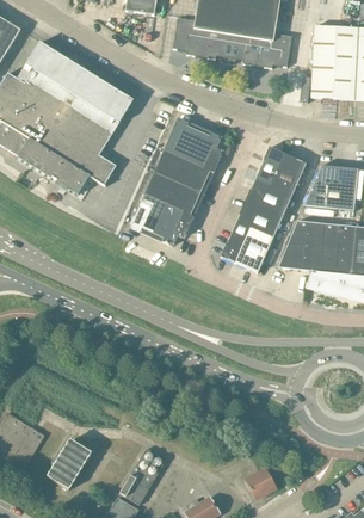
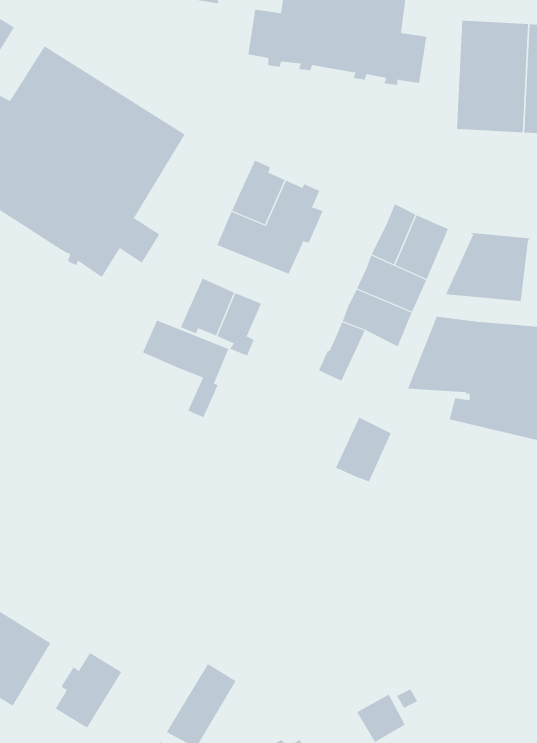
building: [143,173,200,238] -> [142,320,229,418]
building: [235,229,272,272] -> [335,417,391,482]

